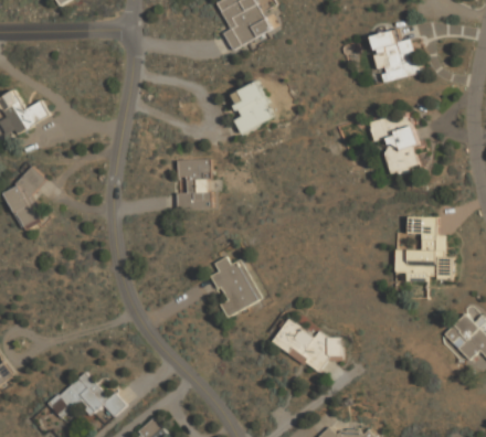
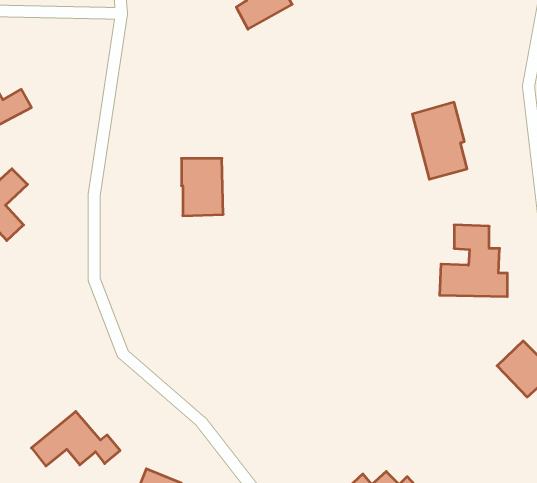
building: [369,30,421,81] -> none
building: [229,81,274,132] -> none
building: [211,256,261,316] -> none
building: [271,318,344,373] -> none

